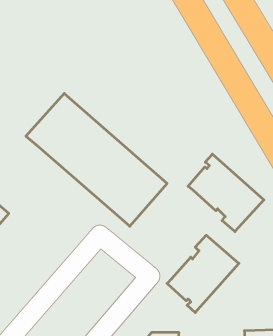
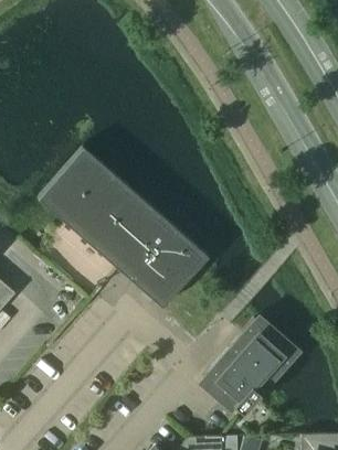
building: [188,154,264,232] -> none

